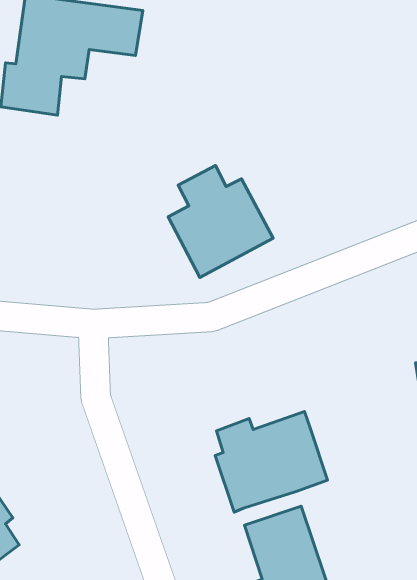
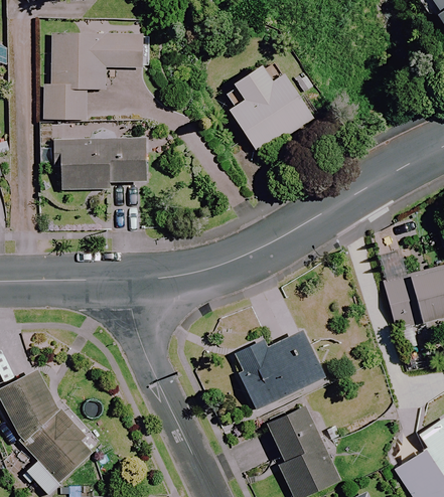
building: none -> [52,139,145,189]
building: [168,166,273,278] -> [230,66,312,154]

